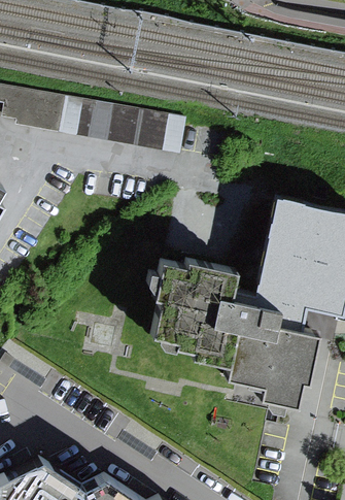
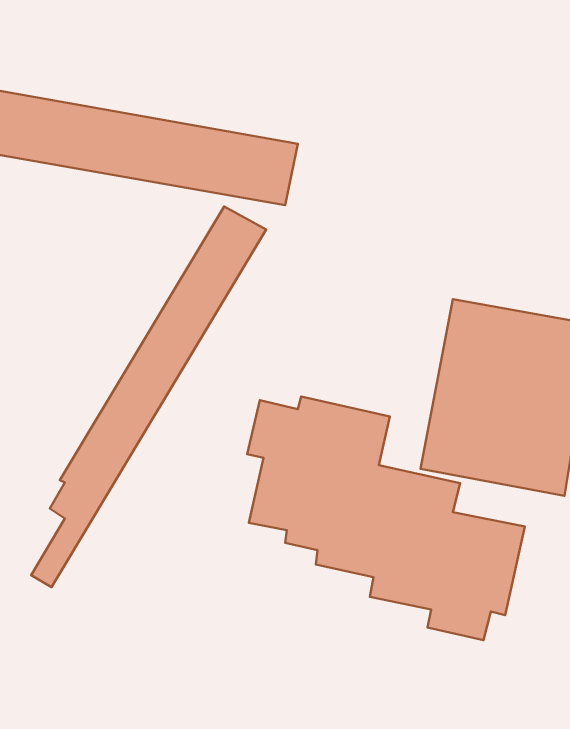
building: none -> [31,206,266,587]

